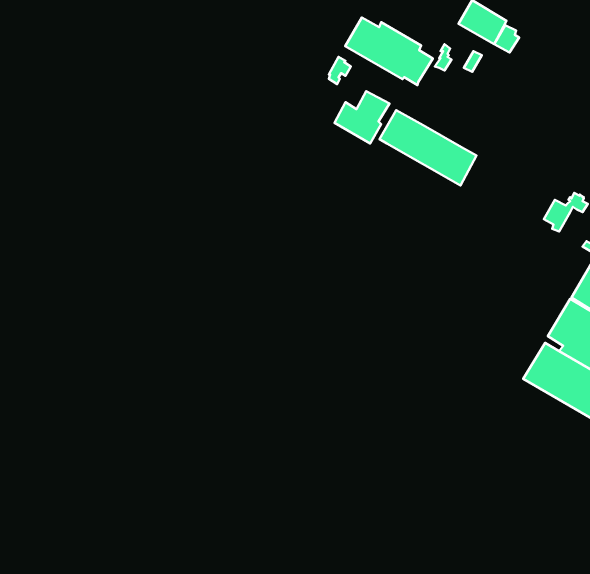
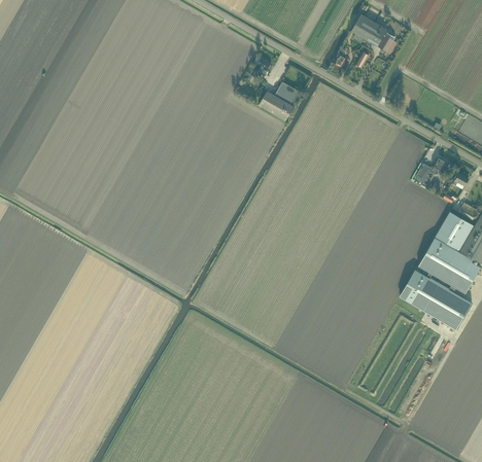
building: [345,18,433,85] -> none
building: [379,110,476,185] -> none

